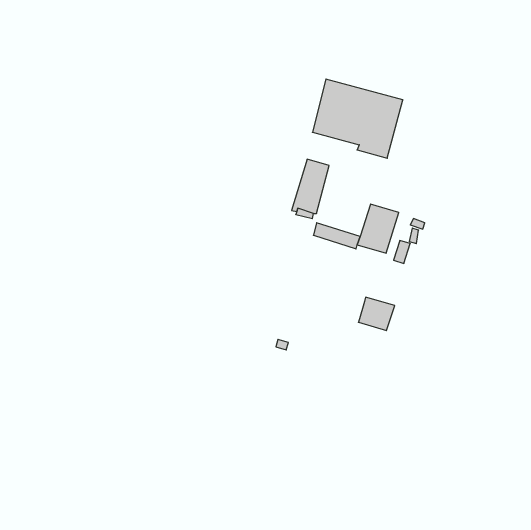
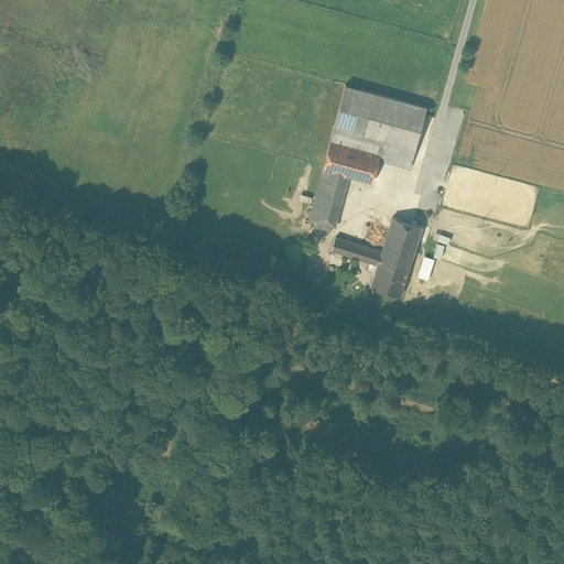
building: none -> [324,142,381,184]
building: [358,297,395,331] -> [371,261,410,296]

